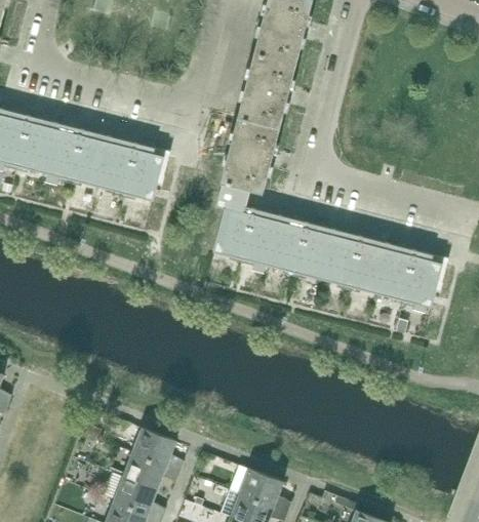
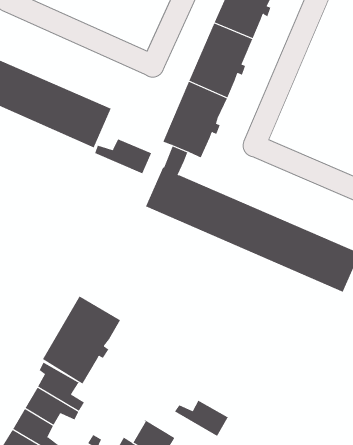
building: none -> [94,139,152,174]
building: none -> [42,296,121,384]
building: none -> [174,400,230,437]

